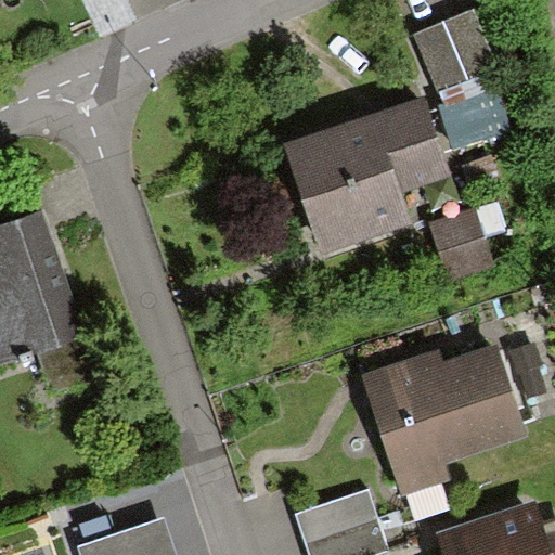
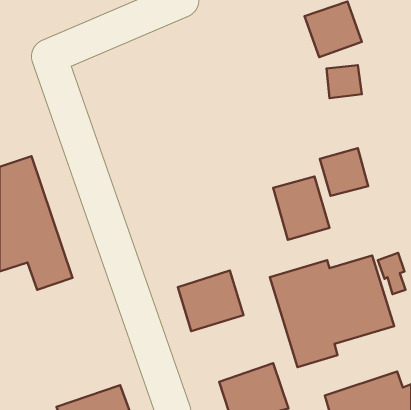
building: [292,91,437,230] -> none
building: none -> [273,176,330,240]
building: none -> [178,270,244,331]

